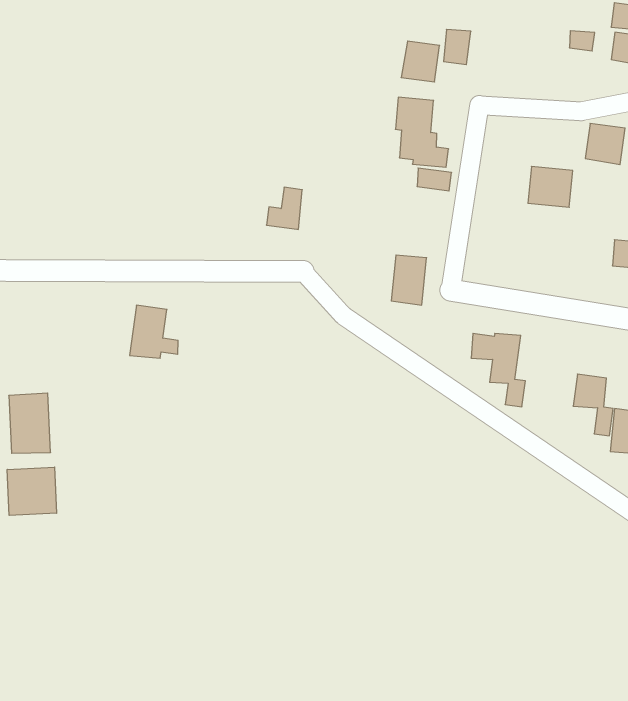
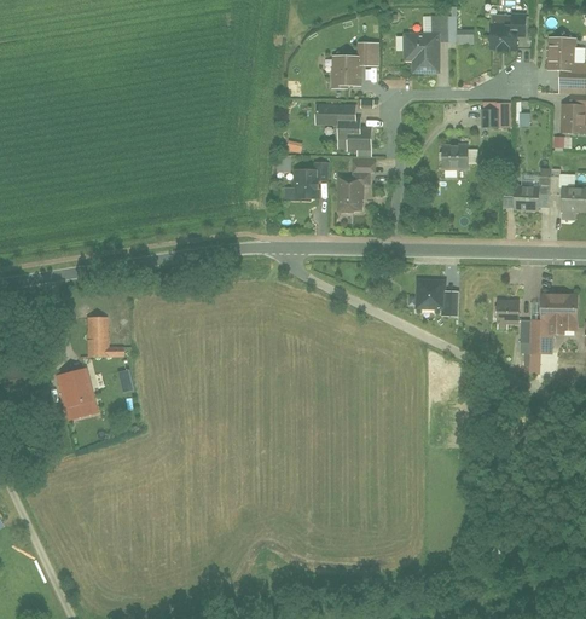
building: none -> [401,16,454,73]
building: [266,187,302,229] -> [285,169,311,201]
building: [391,255,427,305] -> [337,174,362,212]
building: [130,305,178,358] -> [86,318,123,358]
building: [7,467,57,515] -> none

